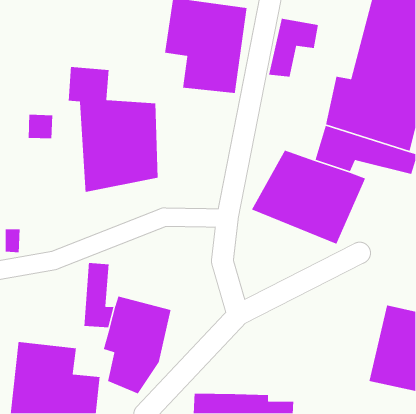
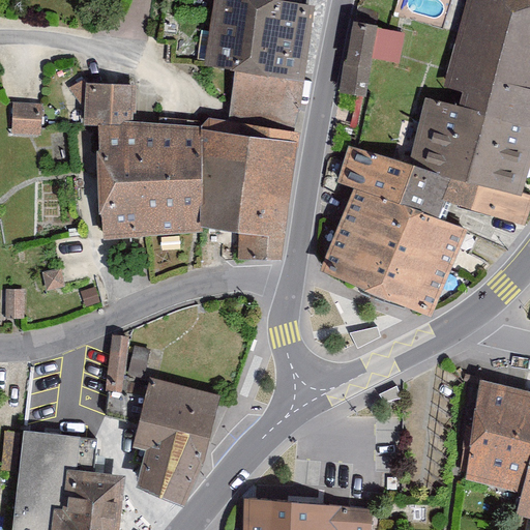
building: none -> [198,130,296,256]
building: none -> [332,139,412,203]
building: [28,114,53,139] -> [11,102,43,135]

